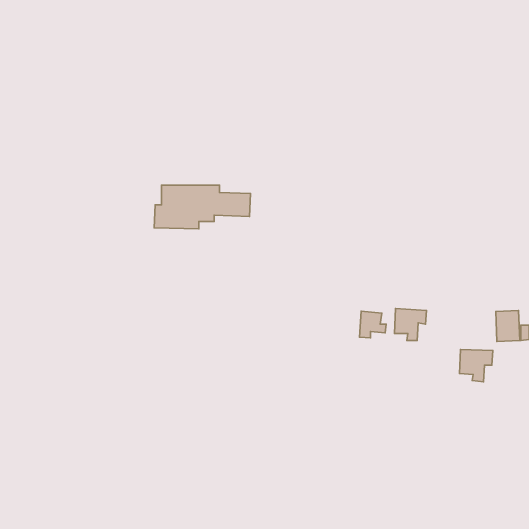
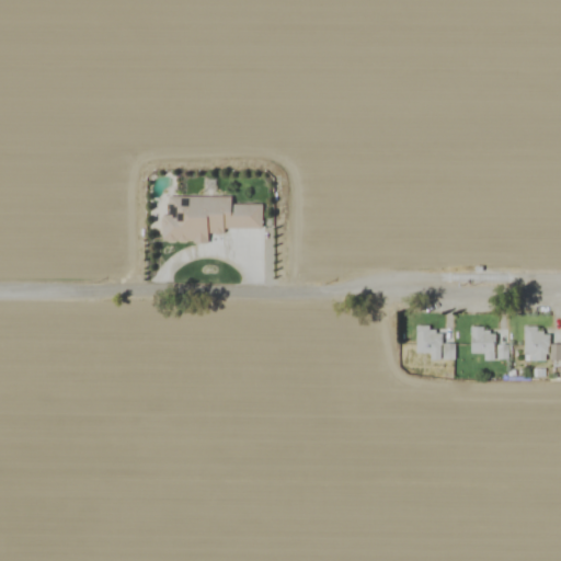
building: [359,311,386,338] -> none
building: [460,350,493,382] -> [471,328,506,362]

